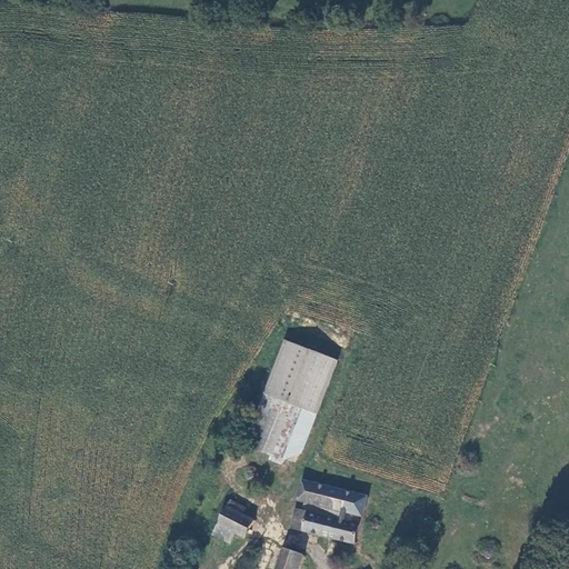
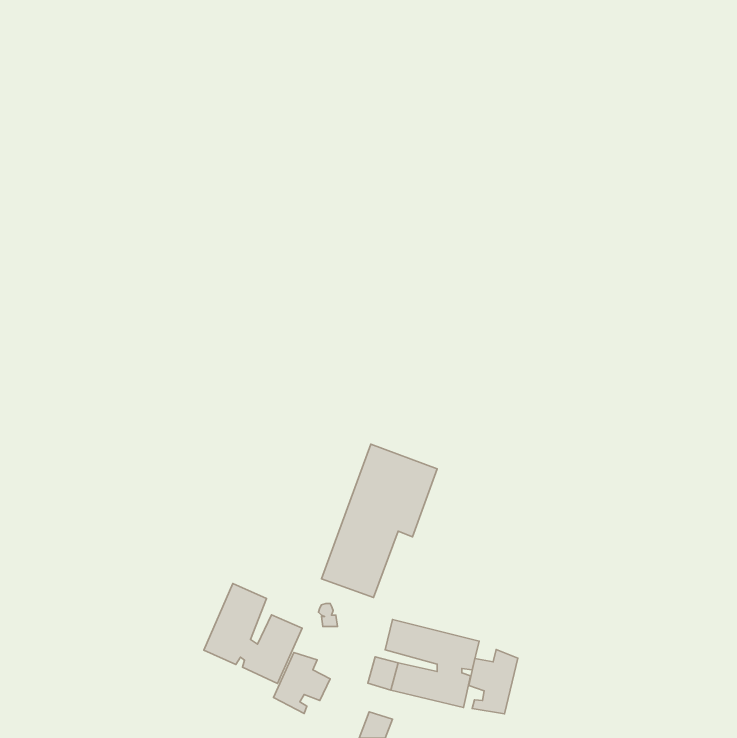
building: none -> [204,583,302,683]
building: none -> [469,649,518,714]

